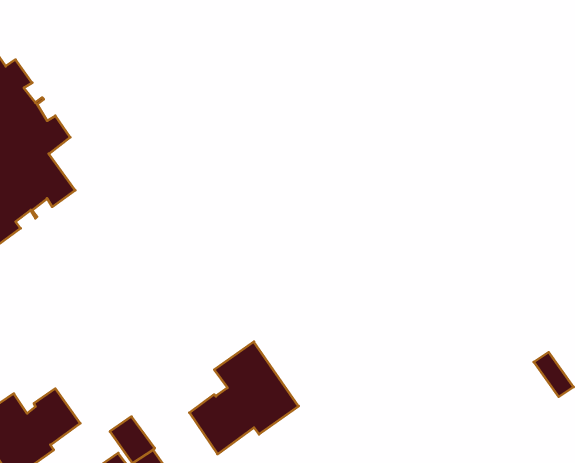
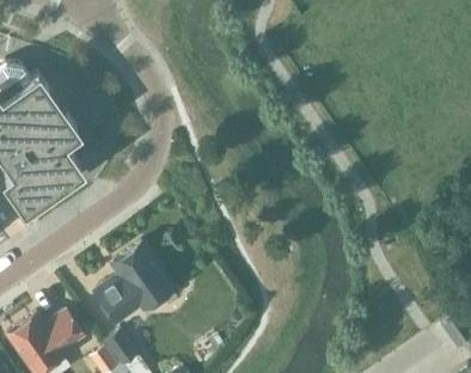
building: [189,342,299,454] -> [94,244,173,325]

